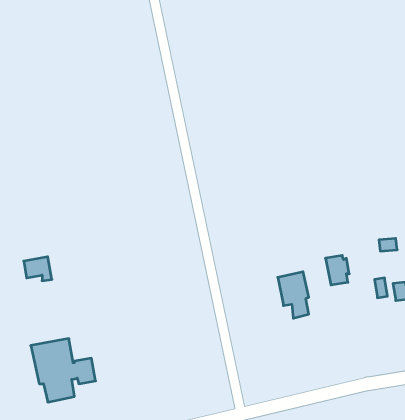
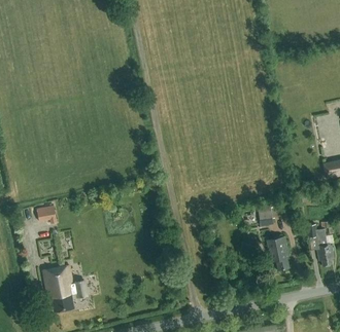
building: [278,272,309,318] -> [266,236,288,270]

